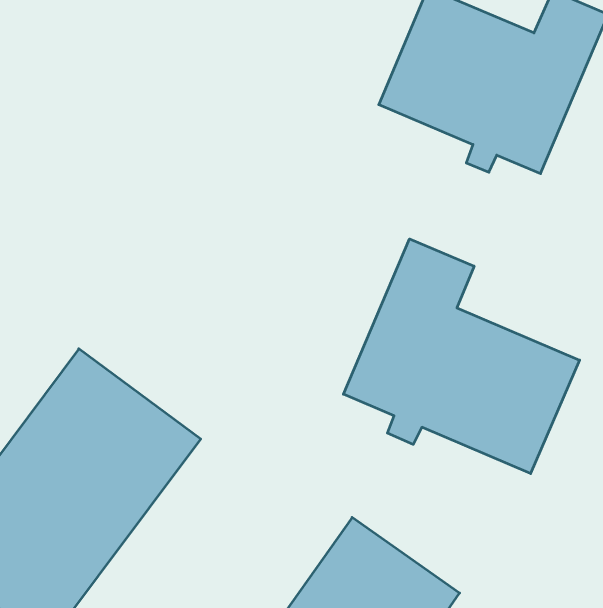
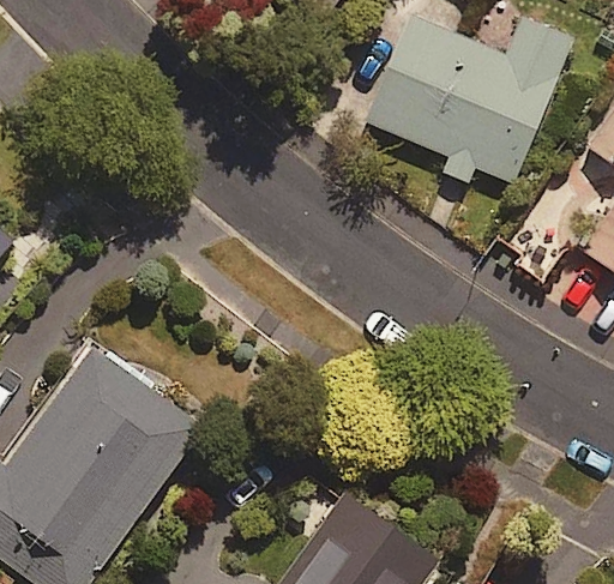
building: [343,239,580,474] -> none

